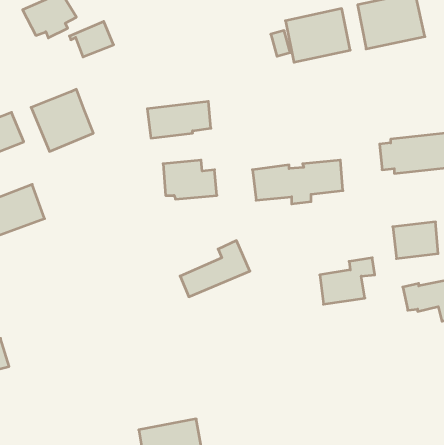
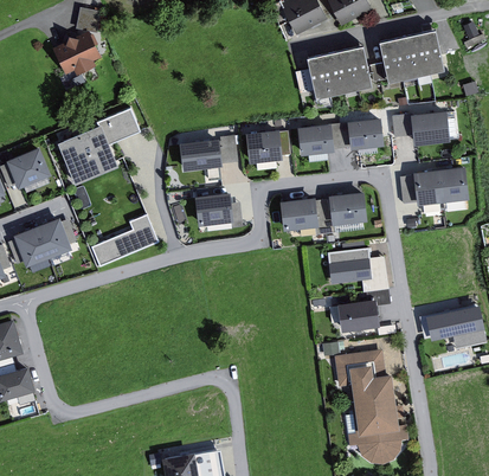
building: [69,21,114,57] -> [99,109,142,143]
building: none -> [390,112,446,147]
building: none -> [292,118,380,156]
building: none -> [240,129,289,165]
building: [393,222,438,259] -> [330,247,374,283]
building: [180,241,250,297] -> [92,213,160,268]
building: none -> [336,349,411,464]

